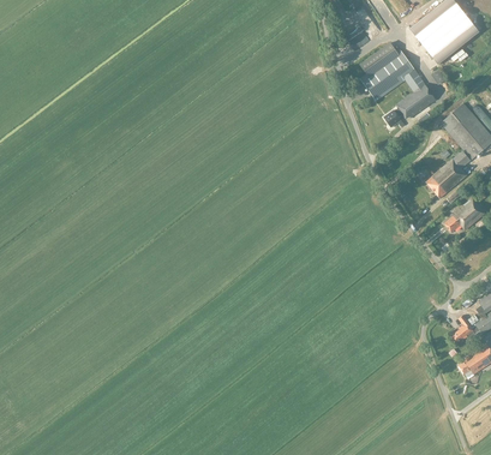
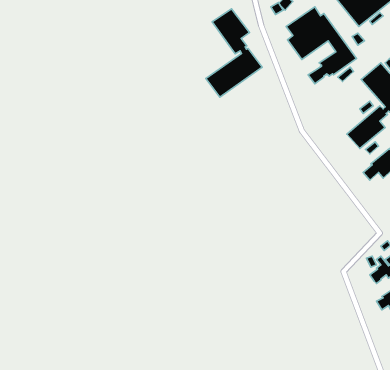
building: none -> [206,9,262,97]

